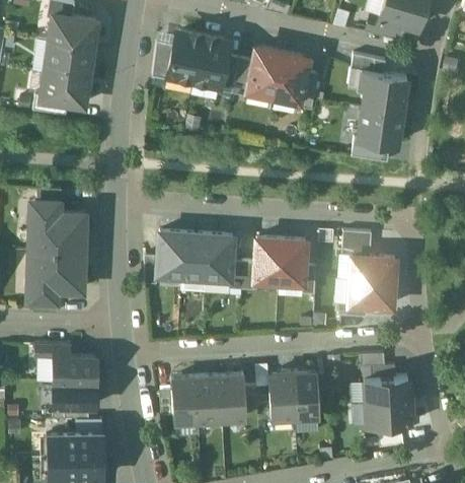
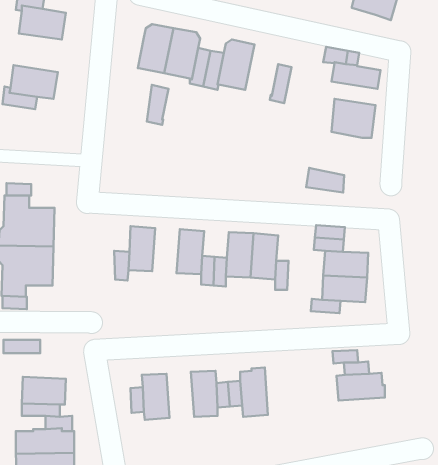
building: [366,12,401,38] -> none
building: [44,41,91,79] -> none
building: [151,41,172,80] -> [147,85,168,125]
building: [273,52,307,102] -> none
building: [361,89,403,112] -> none
building: [351,137,388,161] -> [306,168,344,192]
building: [180,233,208,278] -> none
building: [53,357,95,383] -> none
building: [292,370,319,418] -> none
building: [195,375,222,421] -> none
building: [365,401,411,428] -> none

